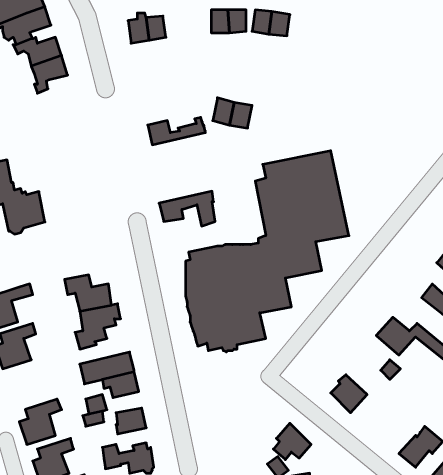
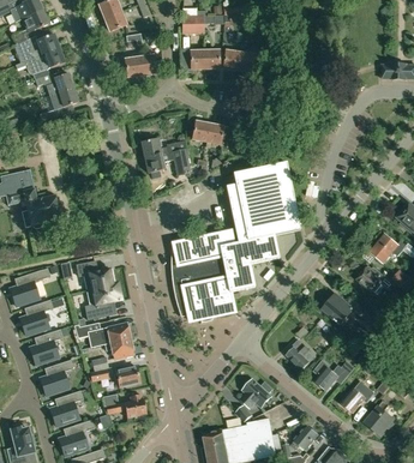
building: [159,191,215,226] -> [145,149,190,176]
building: none -> [30,330,62,365]
building: none -> [314,360,355,391]

